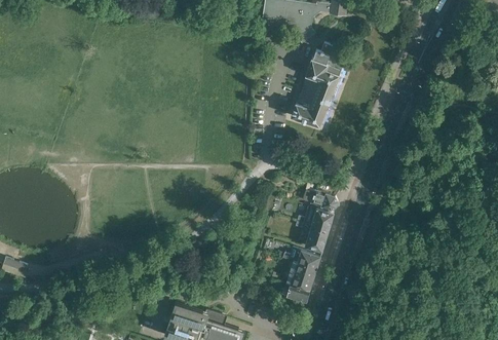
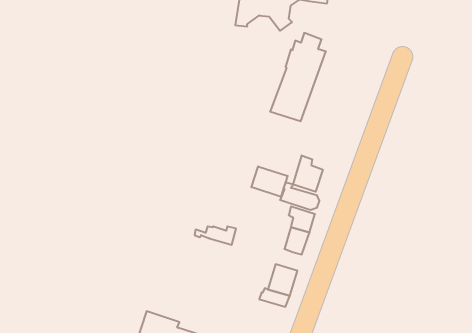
building: none -> [293,155,323,192]
building: none -> [251,166,288,197]
building: [282,249,321,266] -> [195,226,236,245]

